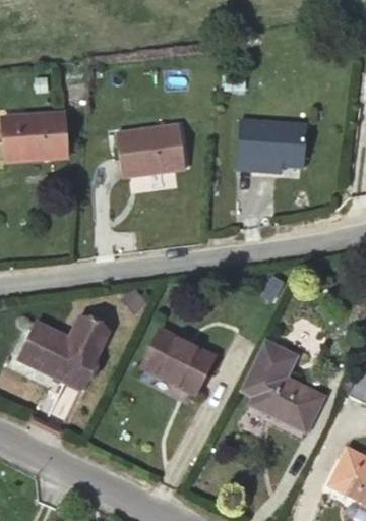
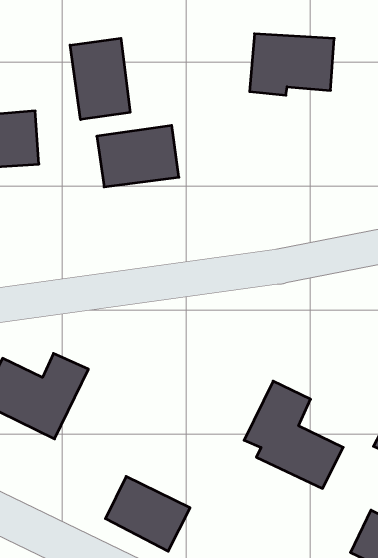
building: none -> [70,38,130,120]
building: [237,120,308,172] -> [250,34,334,95]
building: [143,331,215,394] -> [105,476,190,551]

